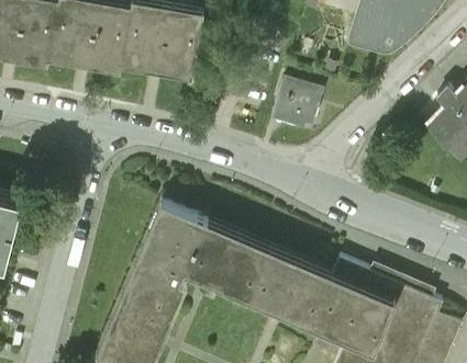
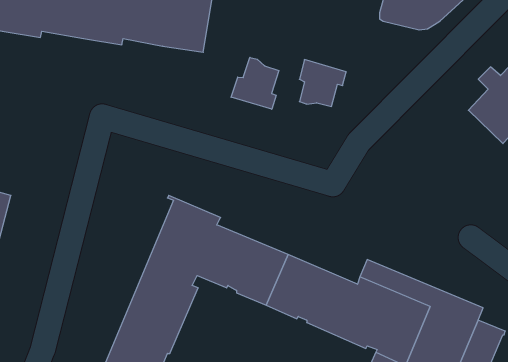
building: none -> [231,57,279,109]

